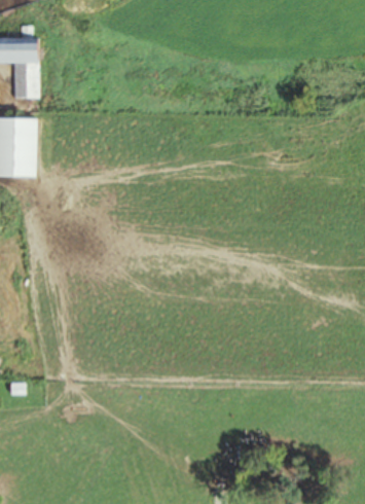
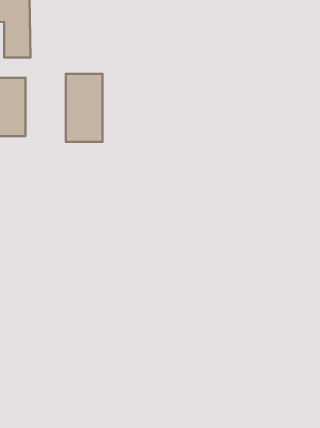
building: none -> [66,74,103,142]

